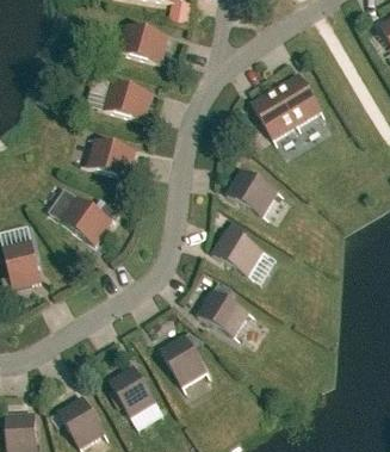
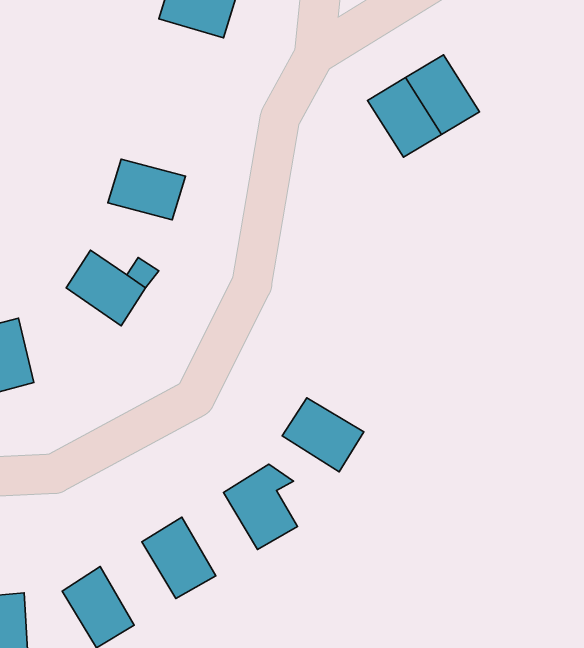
building: [103,80,151,119] -> none
building: [225,168,277,215] -> none
building: [212,228,262,274] -> none

